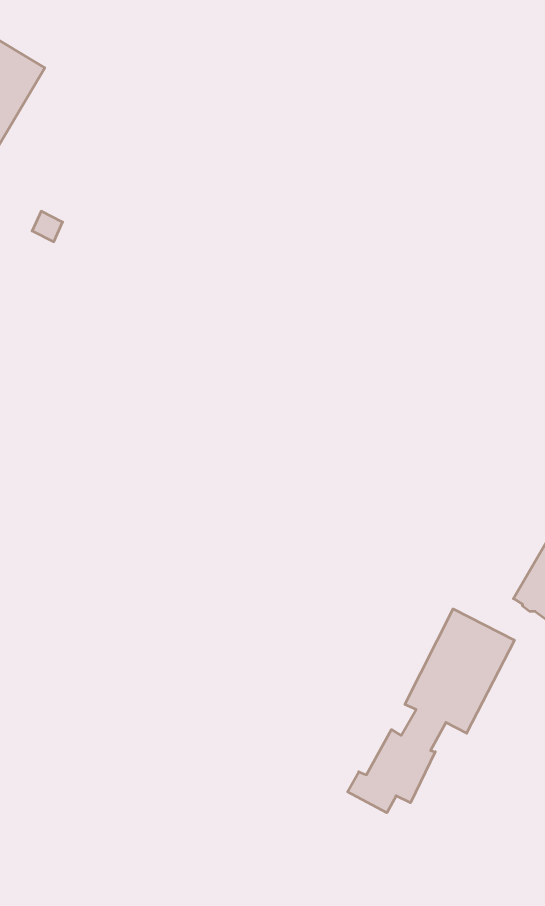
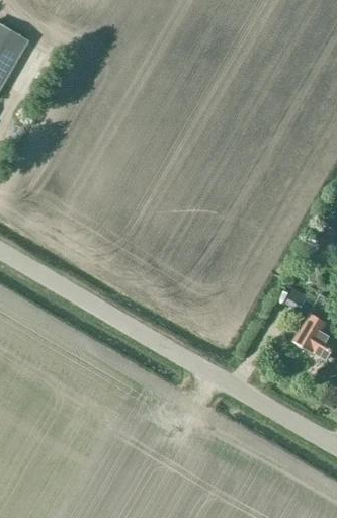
building: [348,609,514,813] -> none

